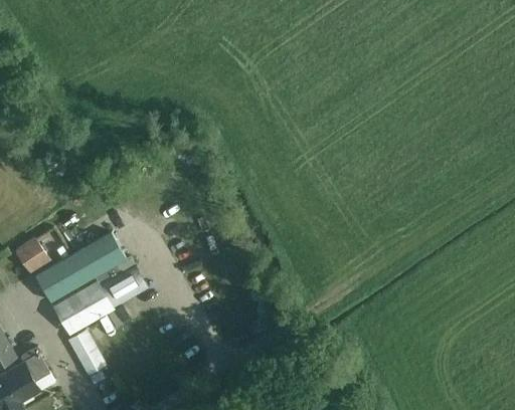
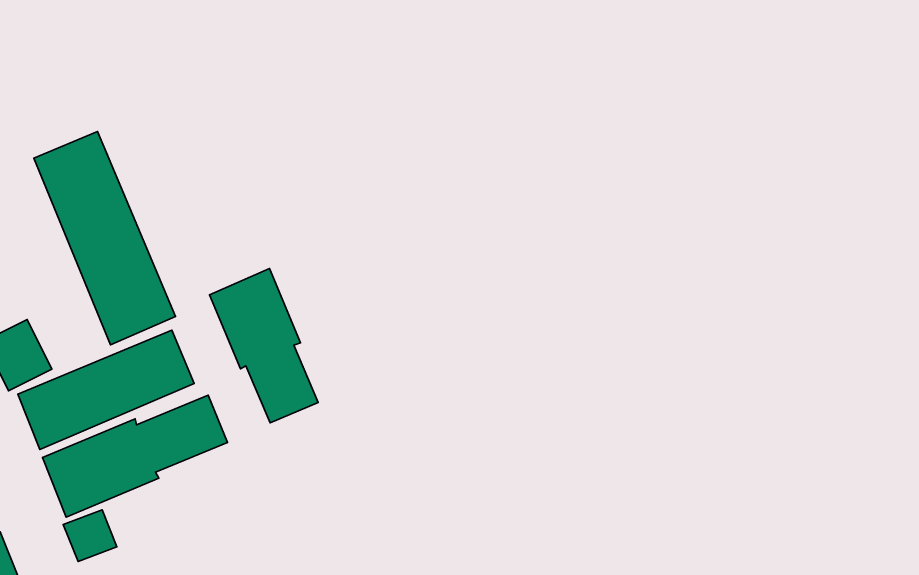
building: none -> [34,132,175,345]
building: none -> [209,269,318,423]

